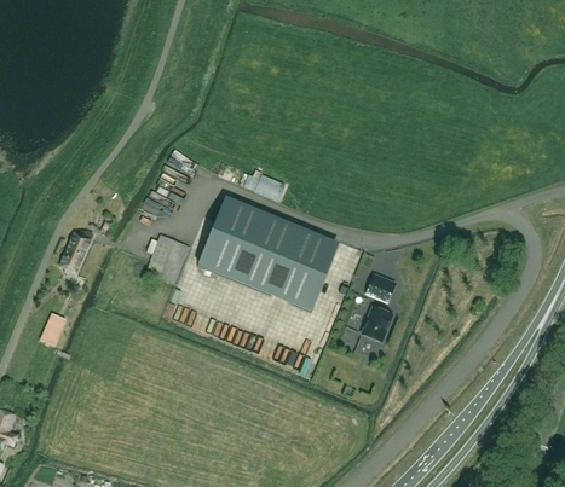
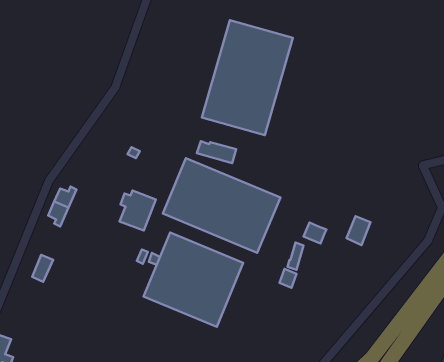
building: none -> [202,20,293,135]
building: none -> [144,232,243,327]
building: [362,307,391,342] -> [346,216,371,245]

